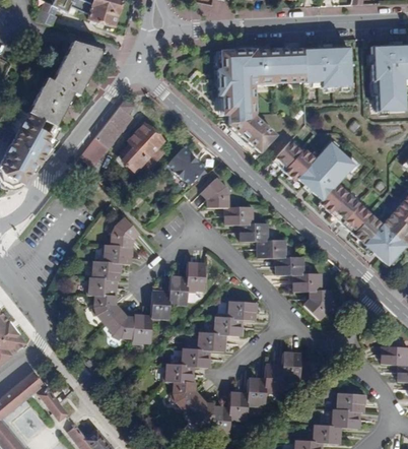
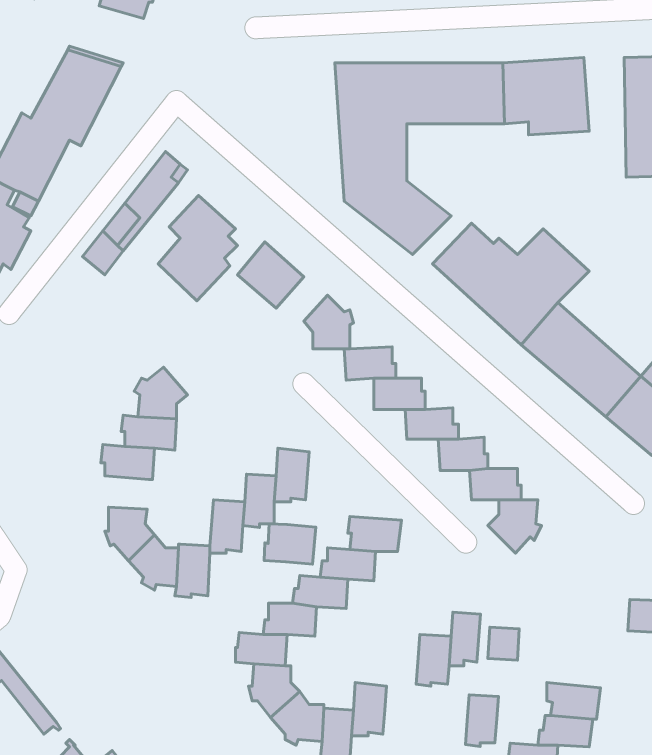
building: [86,277,116,296] -> none
building: none -> [264,524,316,564]
building: [246,379,264,407] -> [465,695,499,746]

